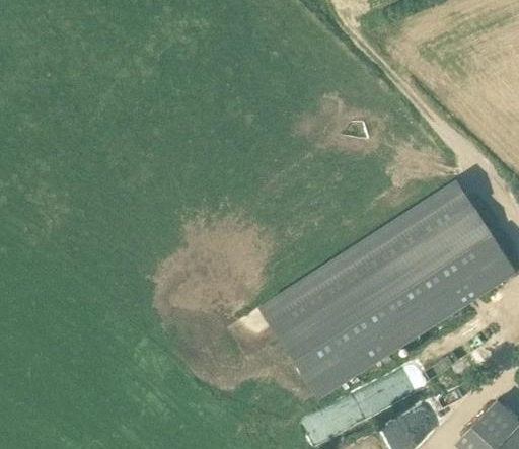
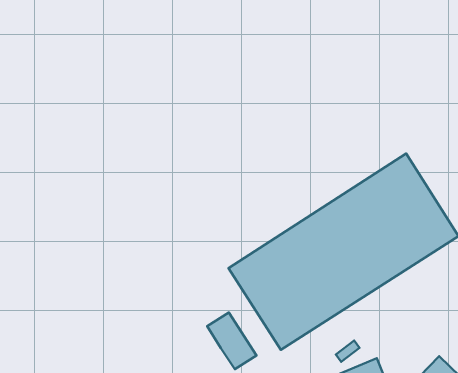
building: none -> [207,313,256,369]

